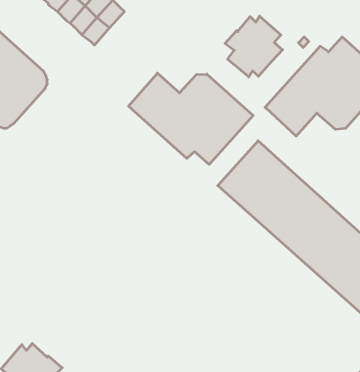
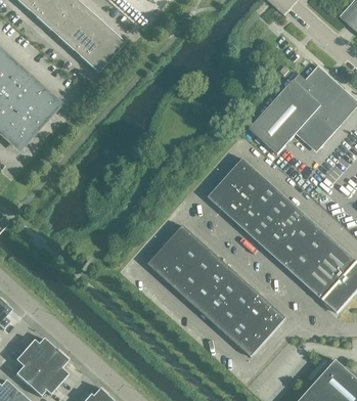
building: [225,16,283,77] -> none
building: [129,73,253,164] -> none
building: none -> [147,225,285,356]

